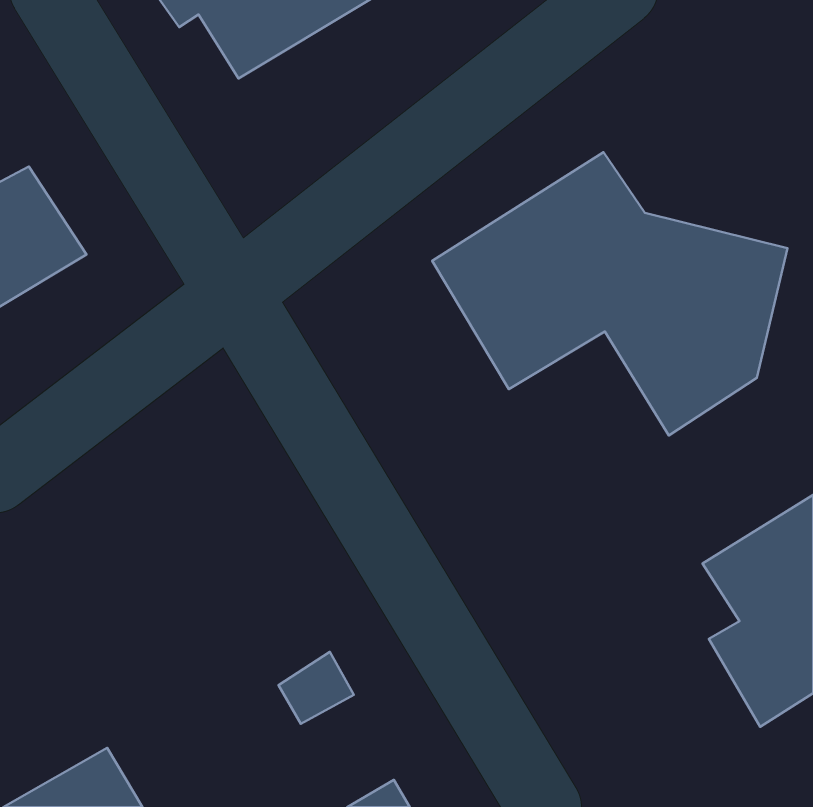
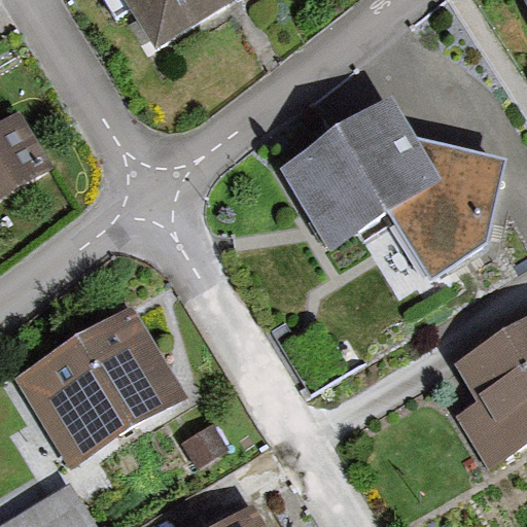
building: none -> [12,303,185,467]

